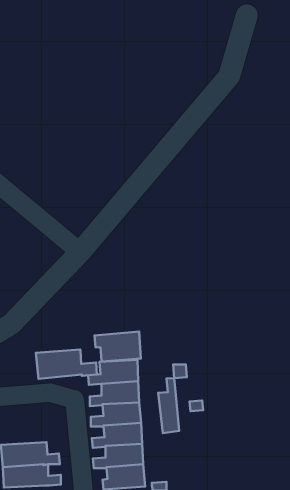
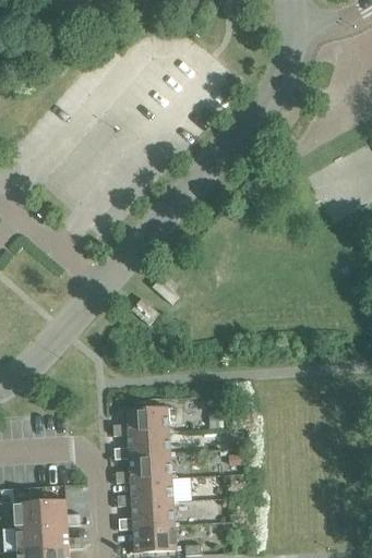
building: [95,332,141,362] -> none
building: [36,350,97,379] -> none
building: [158,378,179,433] -> none

